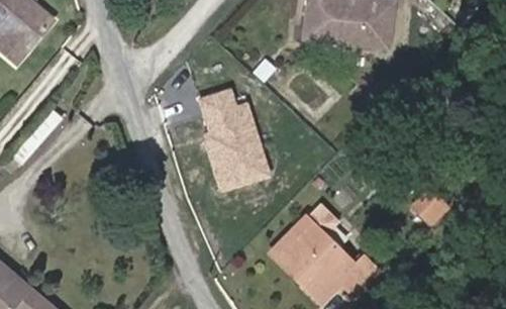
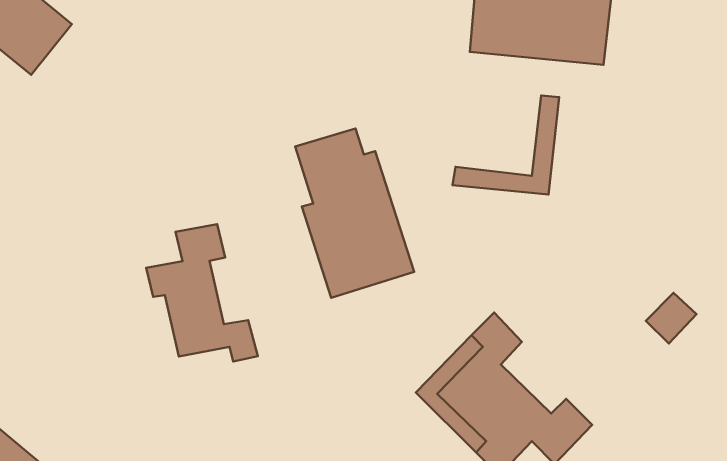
building: none -> [452,95,559,195]
building: none -> [146,224,258,361]

